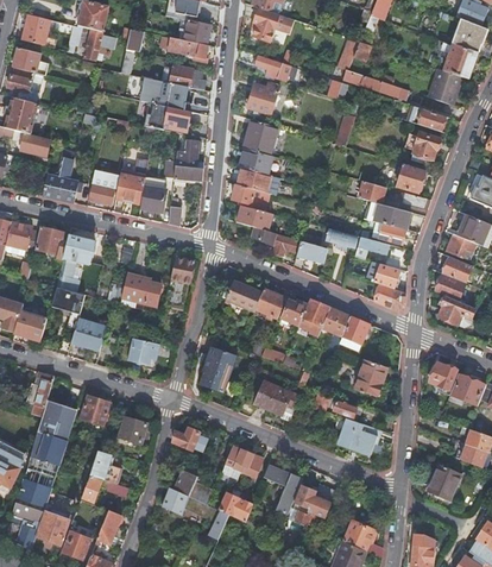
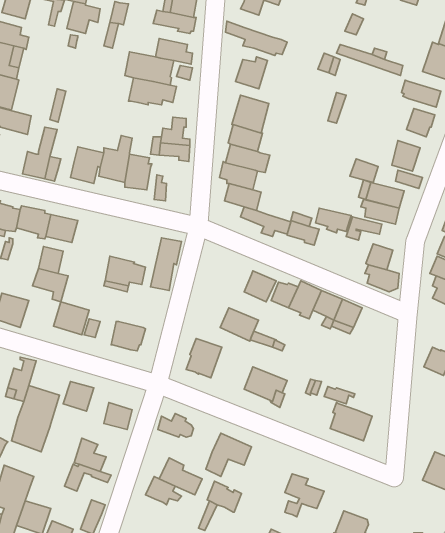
building: [226,281,263,313] -> [220,308,258,341]
building: [355,360,387,397] -> none
building: [264,464,303,515] -> none

